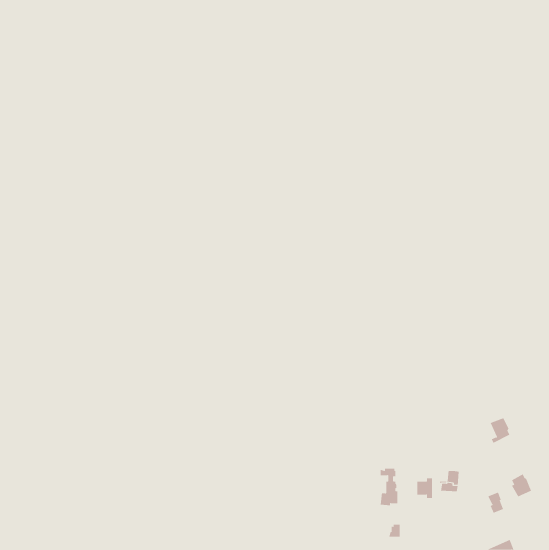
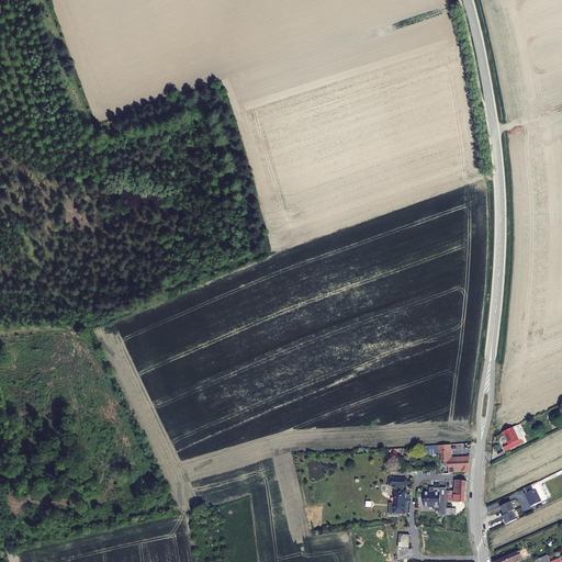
building: none -> [442,449,471,473]

